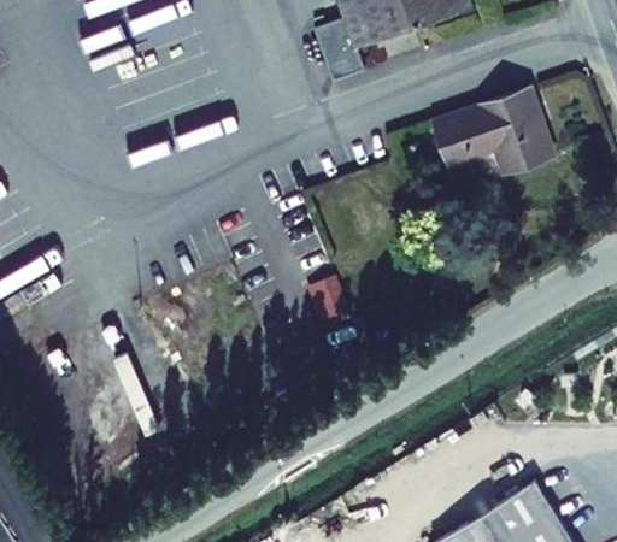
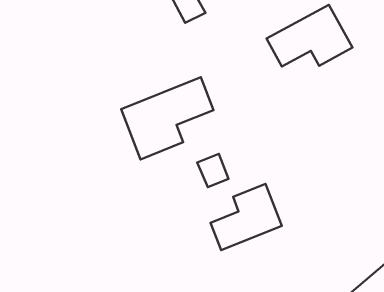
building: none -> [121,77,213,159]
building: none -> [211,184,282,250]

